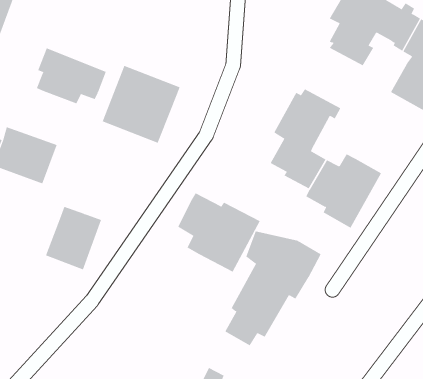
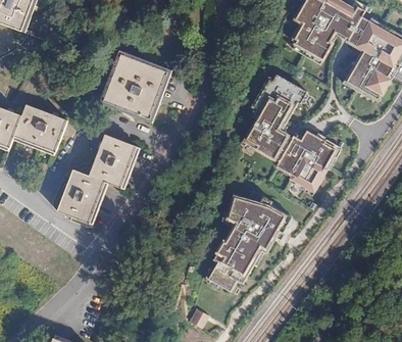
building: [36,47,107,104] -> none
building: none -> [91,138,139,191]
building: [177,193,261,273] -> none

